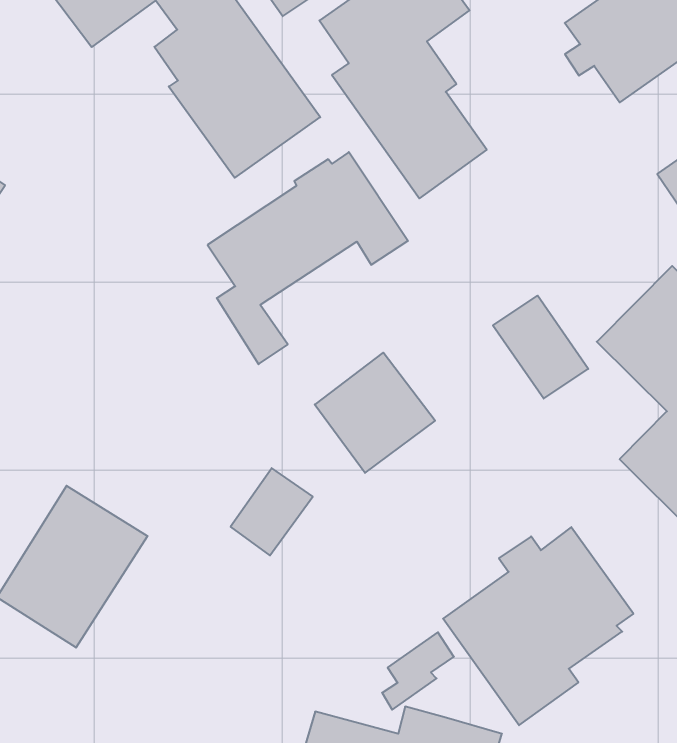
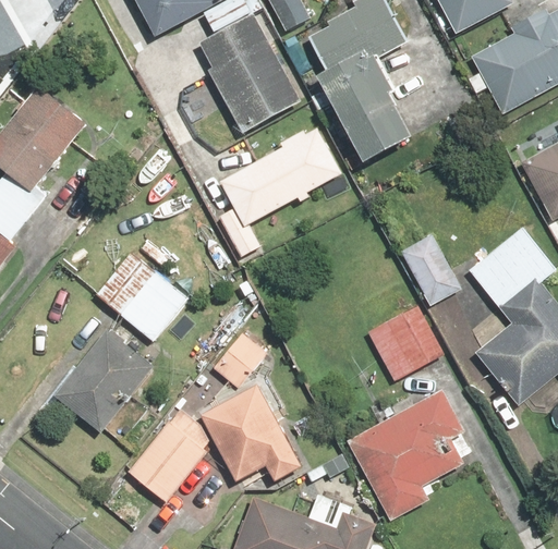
building: [315,353,435,473] -> [367,302,446,380]
building: none -> [95,247,193,343]
building: none -> [129,374,304,501]

